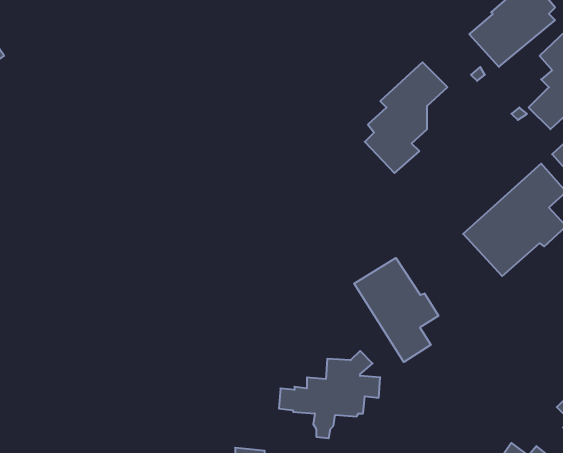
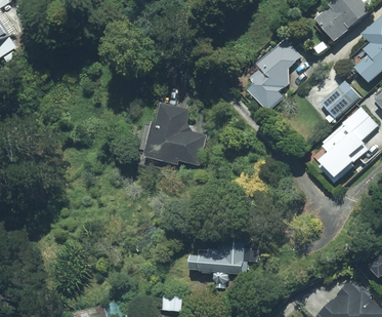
building: none -> [316,82,355,120]
building: none -> [142,107,202,167]
building: [354,258,438,362] -> none

